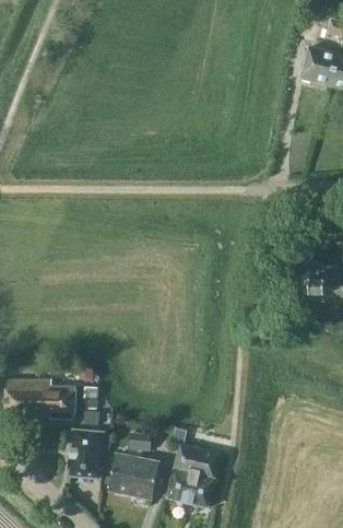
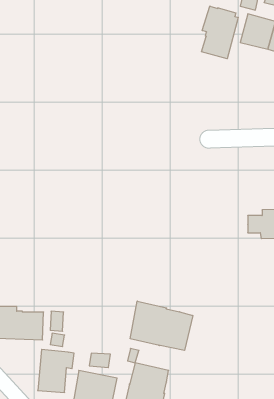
building: none -> [201,6,238,59]
building: none -> [130,301,193,350]

